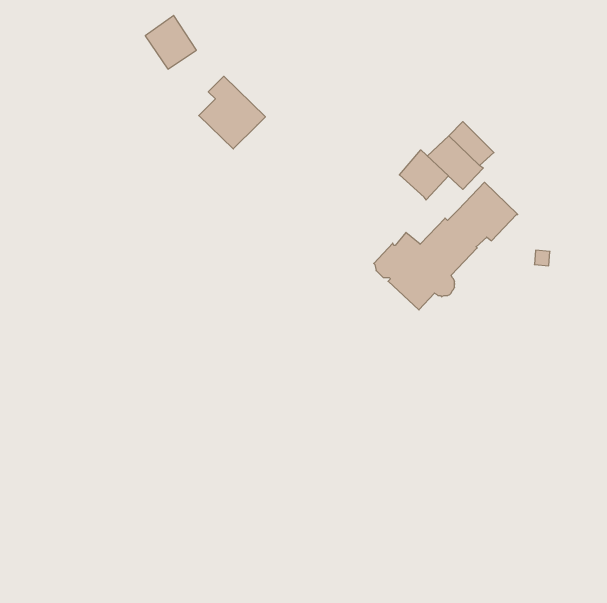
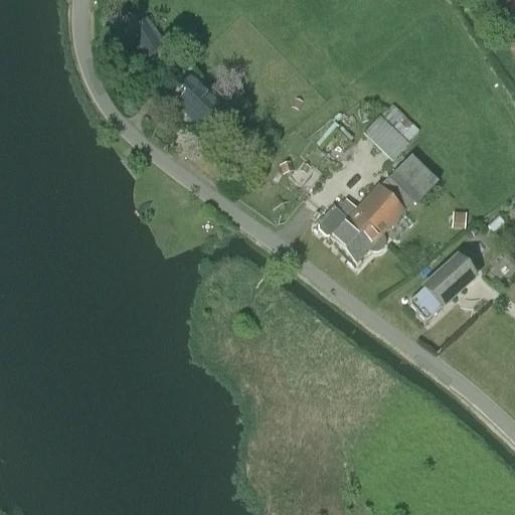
building: [399,150,448,200] -> none
building: none -> [408,256,475,320]

